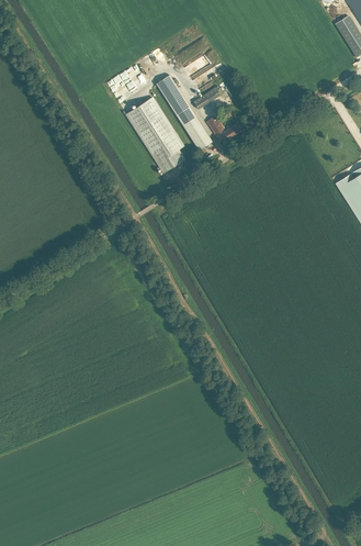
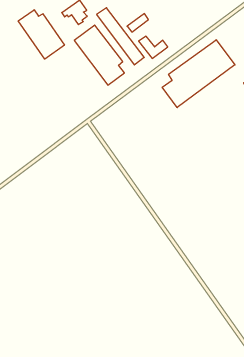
building: none -> [18,10,64,59]
building: none -> [162,40,235,108]

